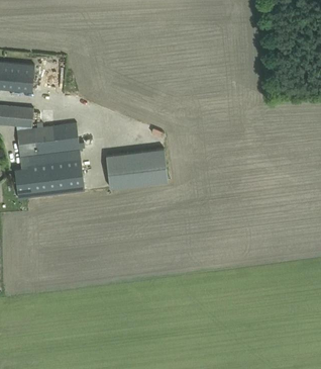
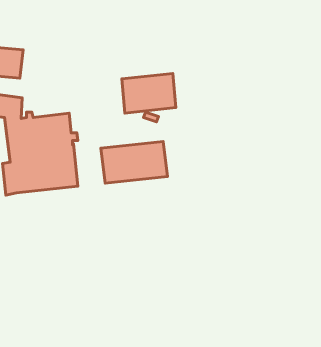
building: none -> [122,73,176,113]

